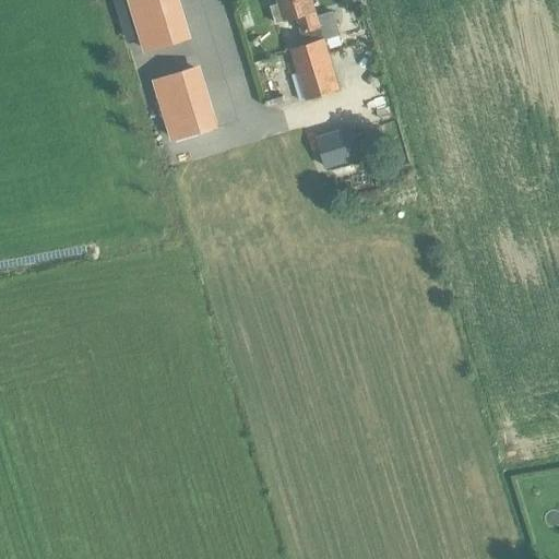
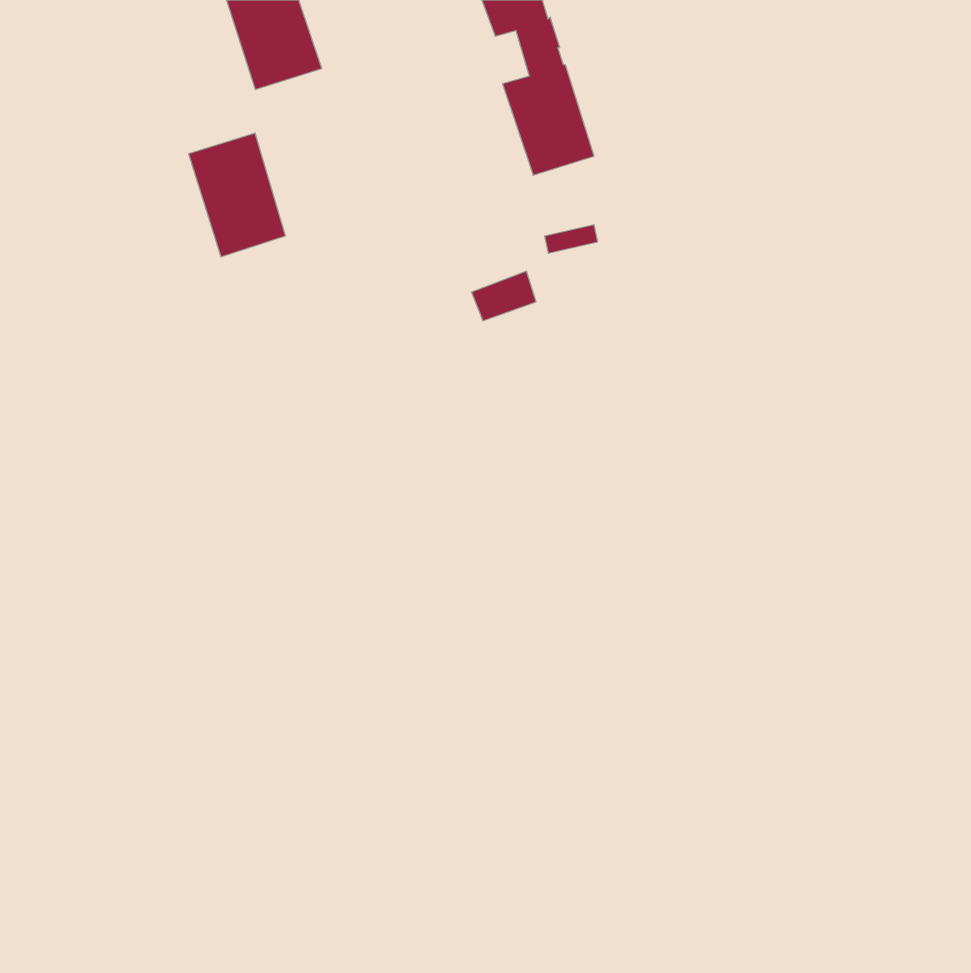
building: [155,69,211,140] -> [189,133,286,257]
building: [314,138,352,166] -> [471,271,536,321]

